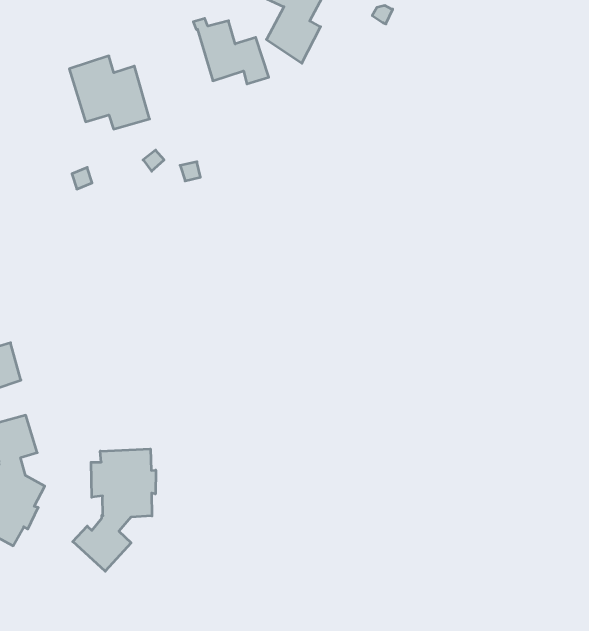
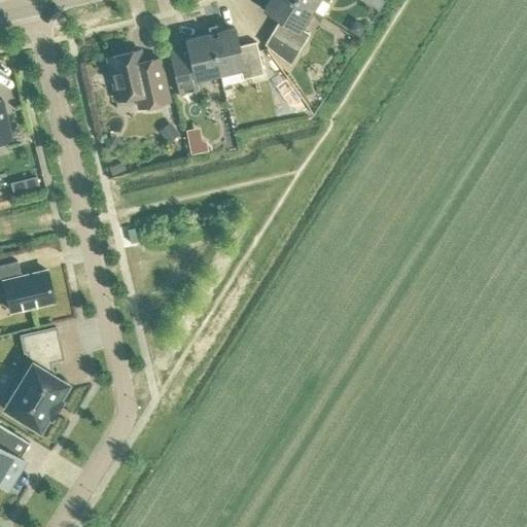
building: none -> [168,34,219,95]
building: [73,449,156,571] -> none

